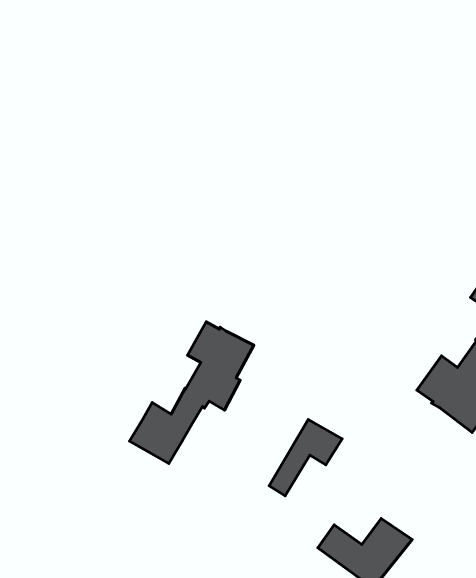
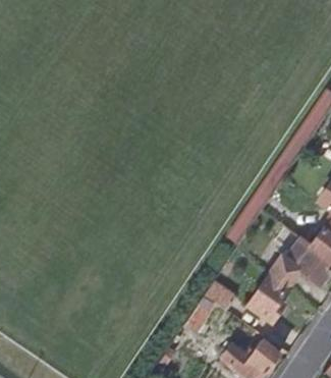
building: [129,322,254,464] -> none
building: none -> [246,257,298,320]

